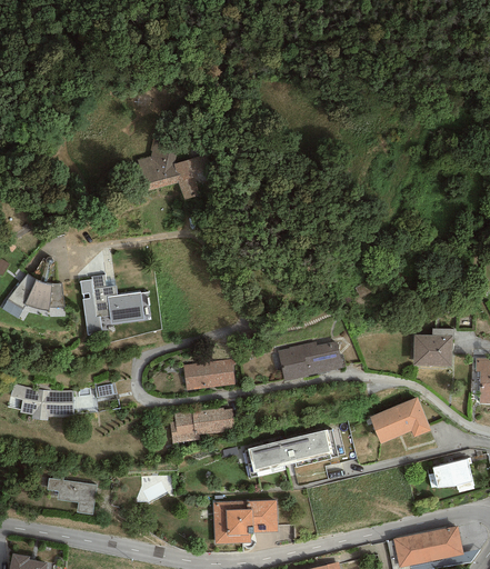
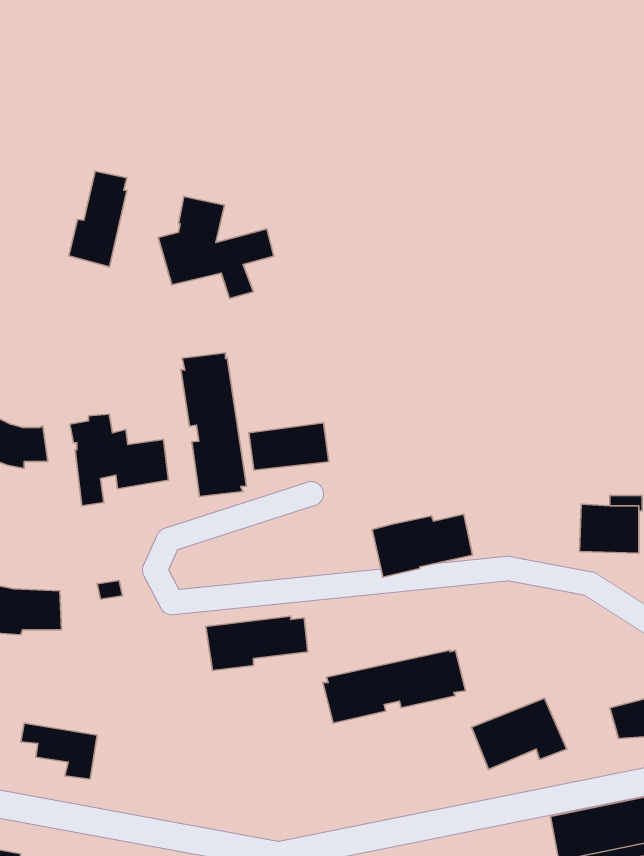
building: none -> [69,171,127,267]
building: none -> [181,353,246,497]
building: [182,358,234,389] -> [249,423,329,470]
building: [369,397,431,443] -> [472,698,567,770]
building: [212,499,278,543] -> none

